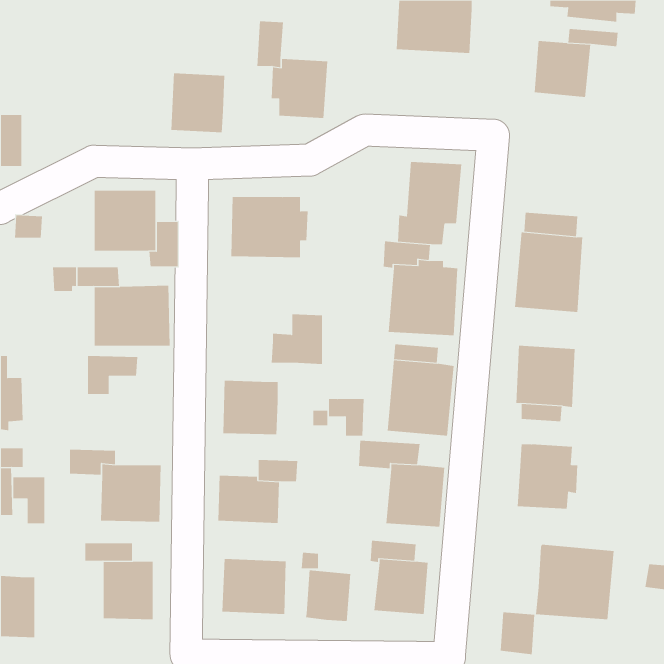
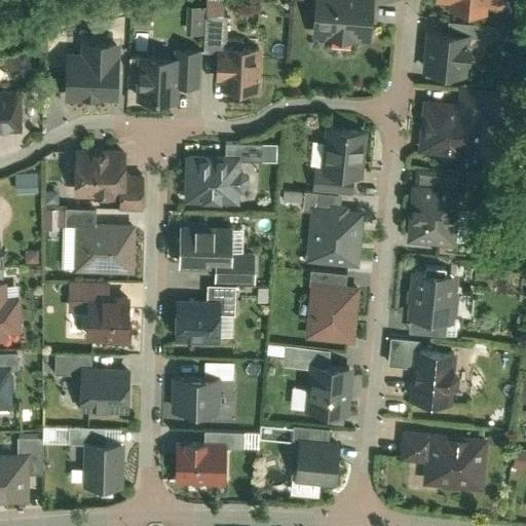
building: none -> [64,45,118,105]
building: none -> [172,51,200,89]
building: none -> [416,88,503,159]
building: none -> [224,144,264,161]
building: none -> [180,225,232,270]
building: none -> [87,298,132,345]
building: [328,399,365,436] -> [208,288,236,317]
building: none -> [388,341,420,369]
building: [13,477,45,524] -> [17,439,43,476]
building: [305,570,351,622] -> none
building: [500,612,535,655] -> [400,430,427,464]

